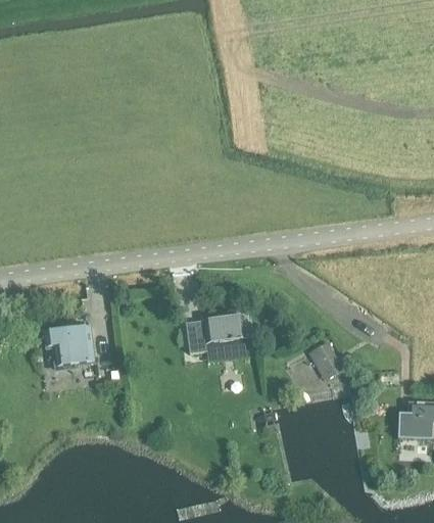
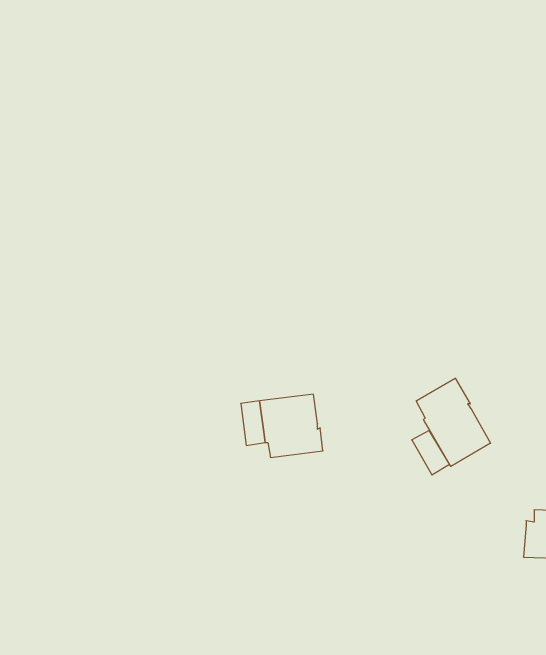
building: none -> [416,378,491,466]
building: [42,325,97,371] -> none

